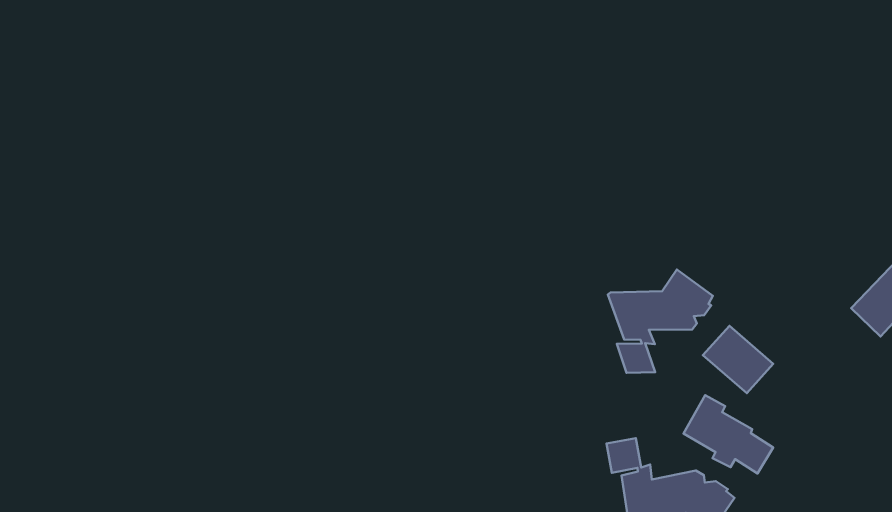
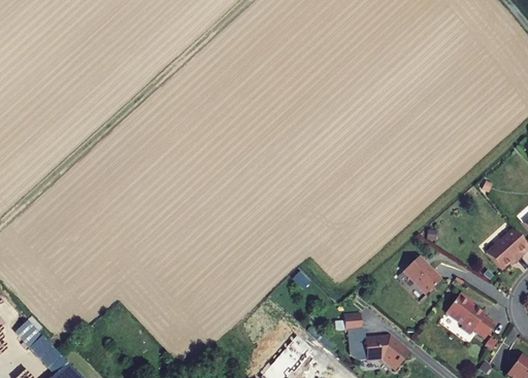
building: [608,269,713,373] -> none
building: [683,395,773,474] -> [440,297,489,343]

